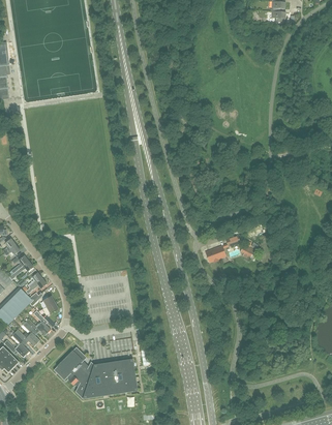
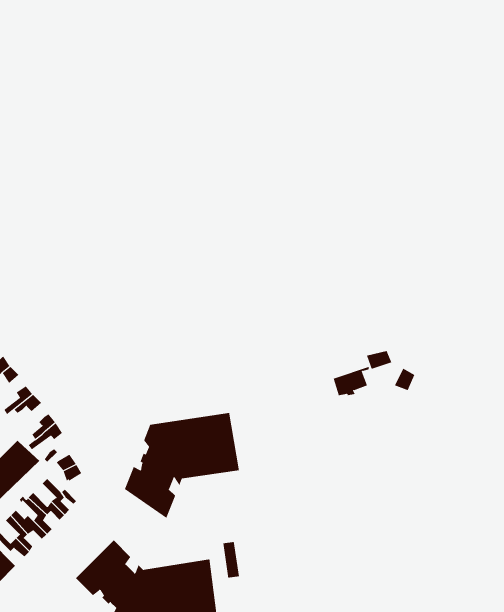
building: none -> [124,412,239,519]

